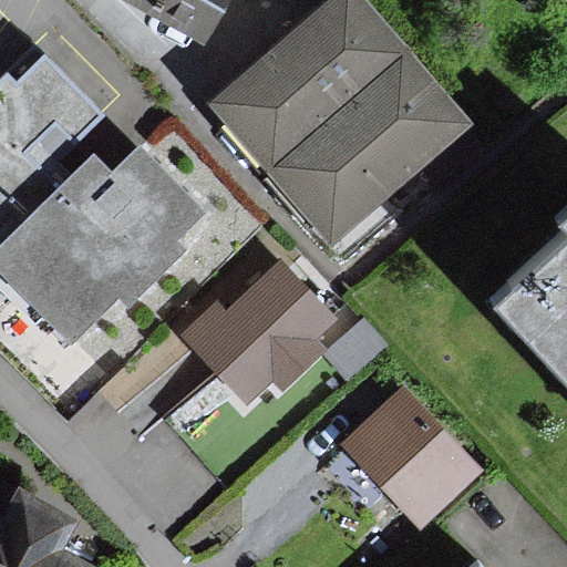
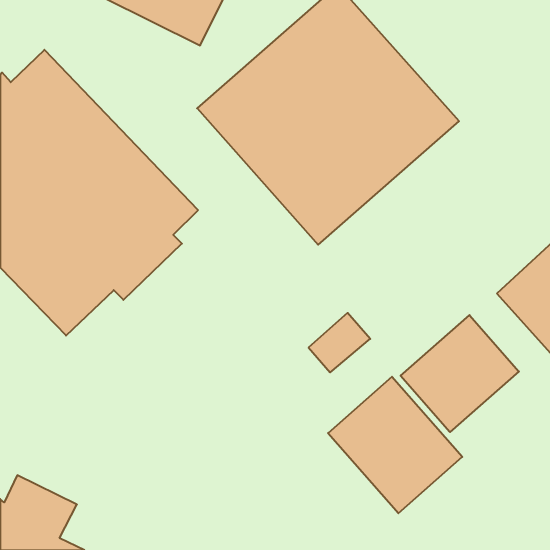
building: [178,262,330,400] -> none
building: none -> [401,315,519,432]

